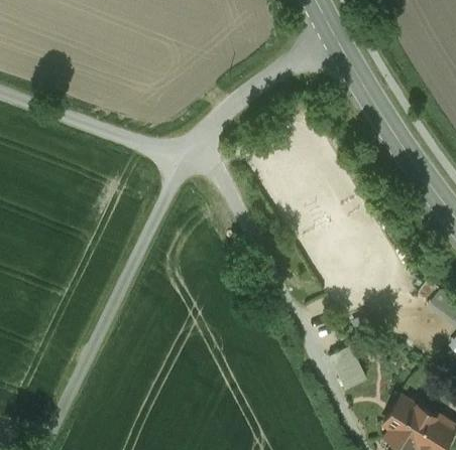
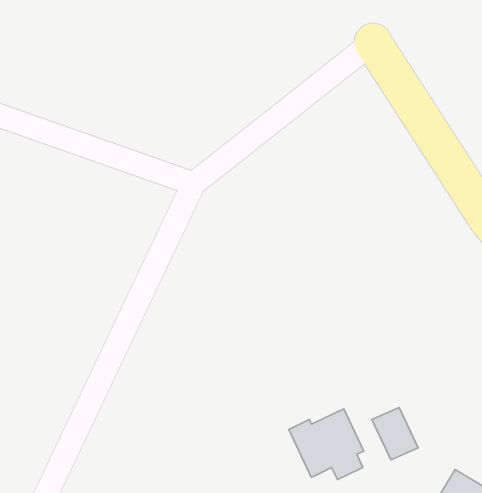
building: none -> [289,409,364,480]

